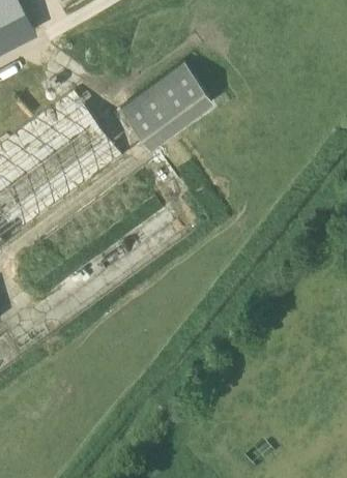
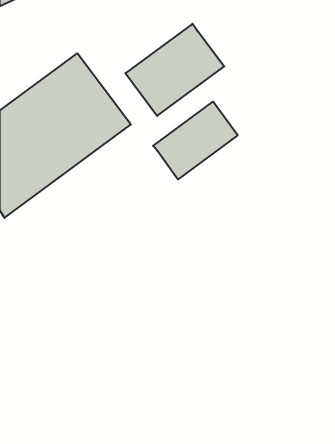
building: none -> [153,102,238,179]

